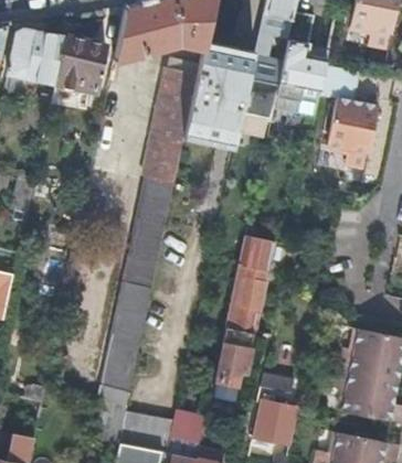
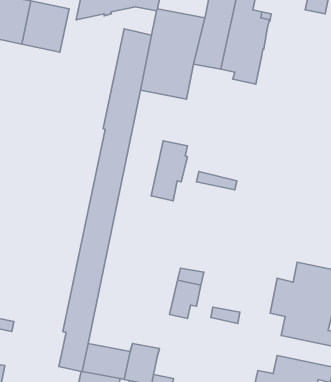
building: [318,69,375,174] -> none
building: [226,267,266,333] -> [151,141,187,201]
building: [253,397,298,450] -> none

